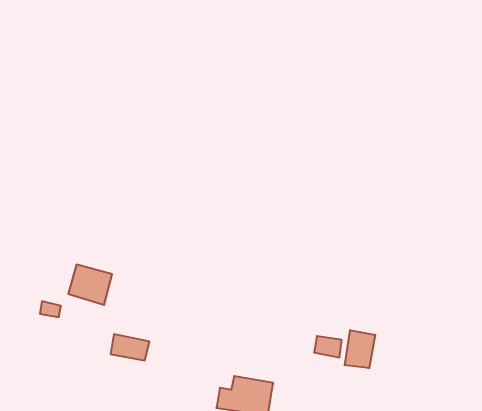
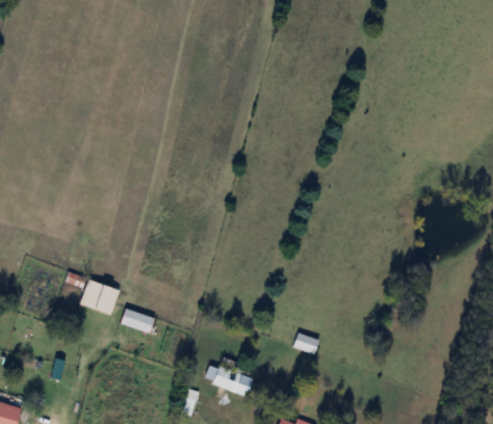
building: [68,265,112,305] -> [80,279,120,316]
building: [345,330,375,368] -> none

